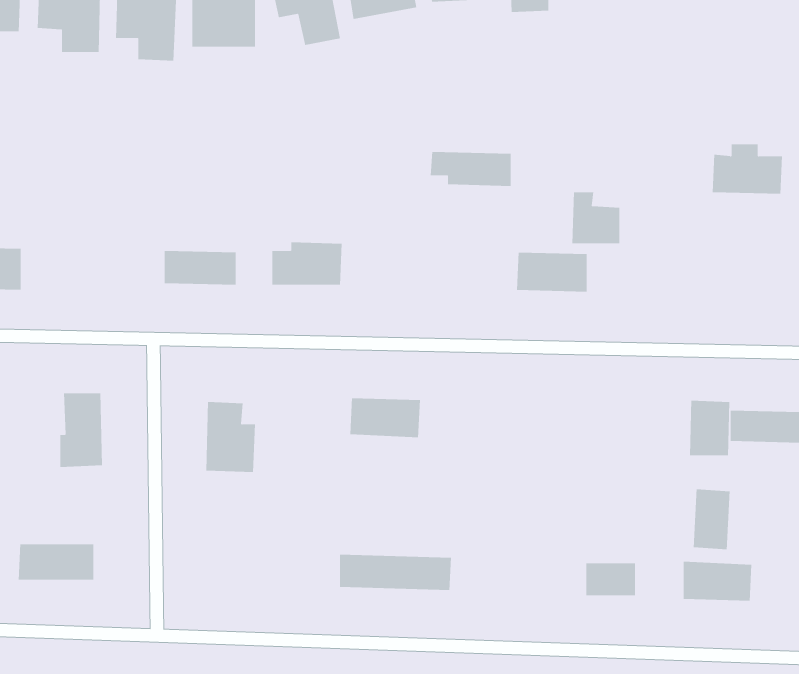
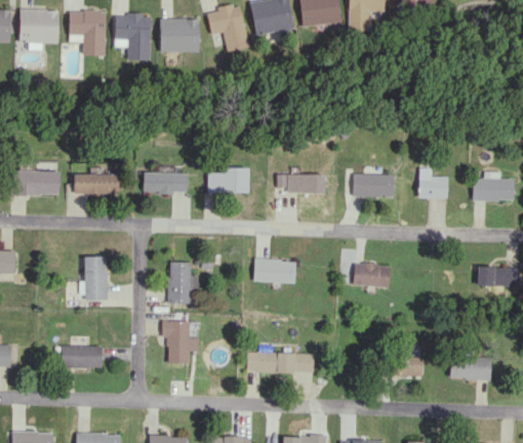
building: [712,144,783,194] -> [472,171,514,201]
building: [430,152,511,186] -> [276,173,324,194]
building: [572,192,620,244] -> [418,167,447,198]
building: none -> [74,174,118,195]
building: [690,400,730,456] -> none
building: none -> [353,264,389,286]
building: [693,488,730,550] -> none
building: none -> [162,321,198,363]

